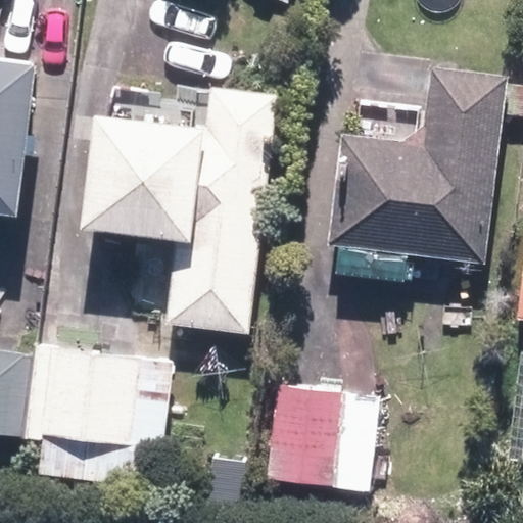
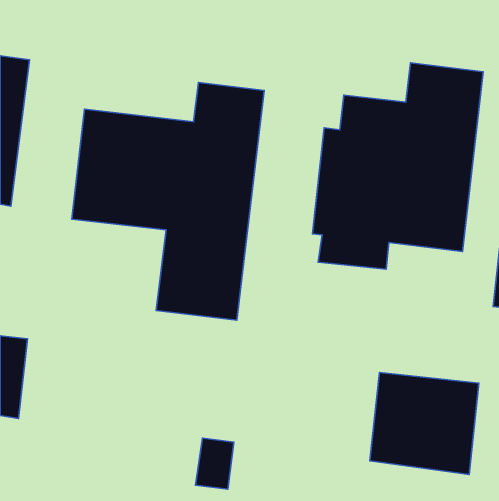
building: [26,344,173,485] -> none
building: [268,386,381,492] -> [370,372,479,475]

